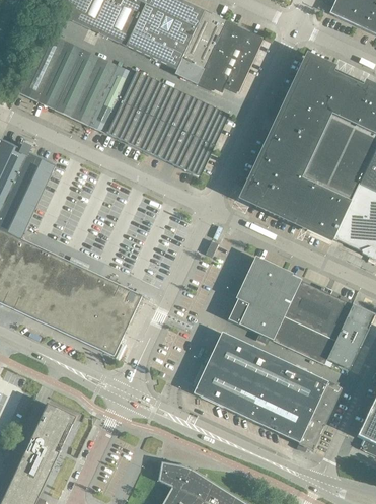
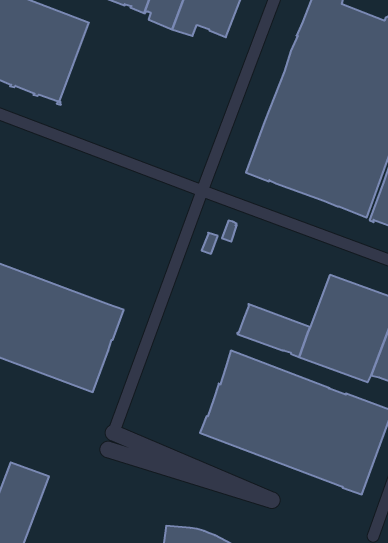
building: [106,70,227,175] -> none
building: [237,259,301,318] -> none

